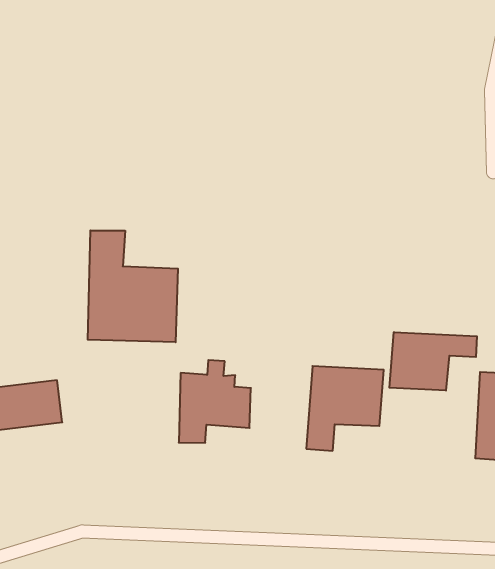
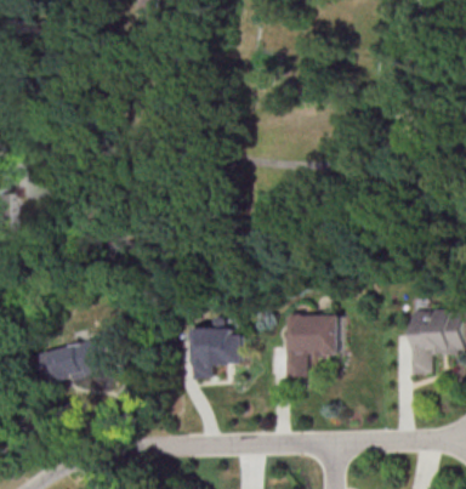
building: [88,230,178,342] -> none
building: [389,332,477,391] -> none

